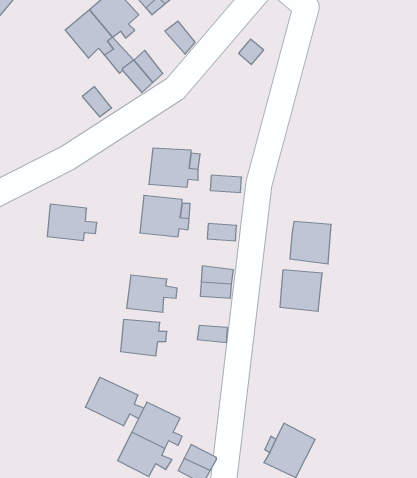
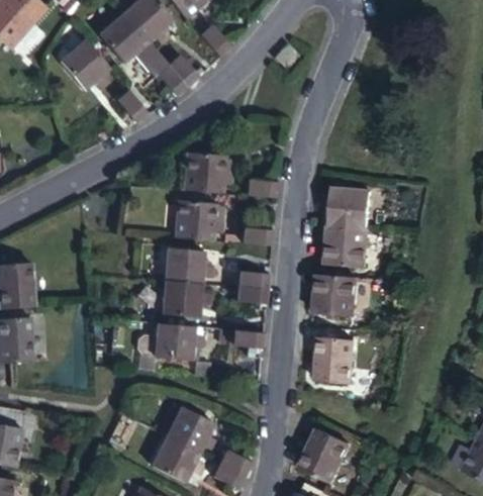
building: none -> [61,39,110,90]
building: none -> [328,188,370,229]
building: [47,204,97,241] -> [165,247,214,284]
building: none -> [315,335,355,384]
building: [85,377,144,426] -> none

